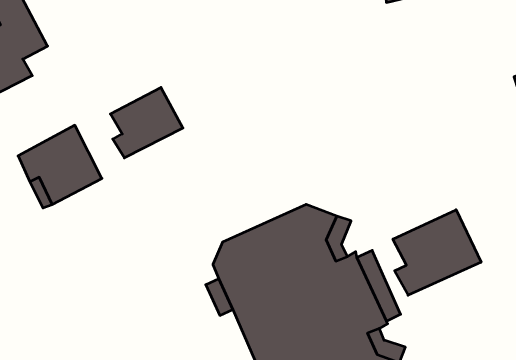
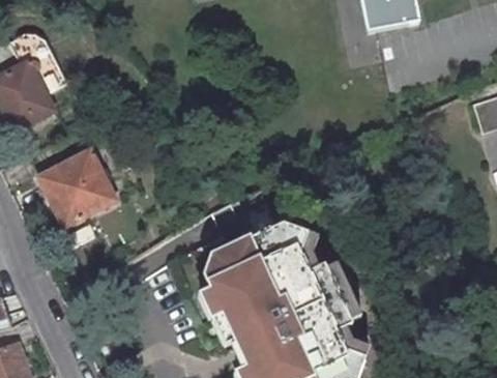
building: [110,87,183,158] -> none
building: [393,210,481,295] -> none

